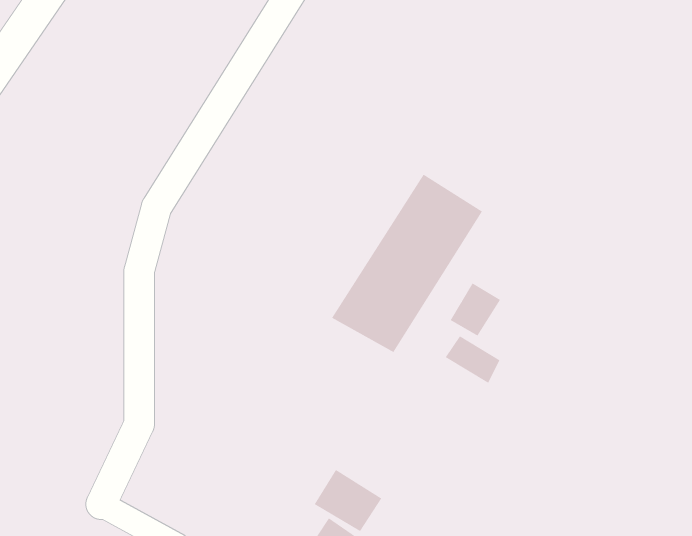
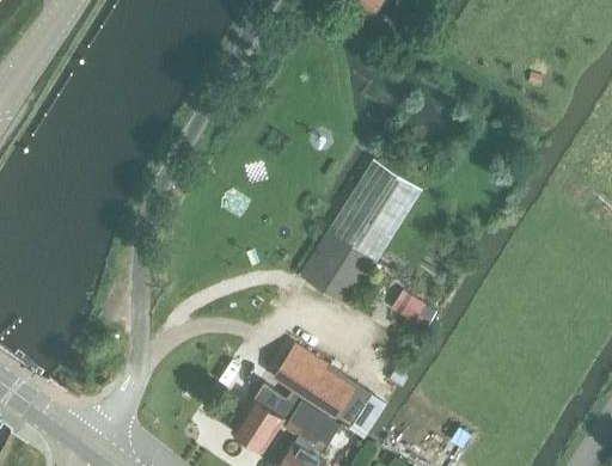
building: [450,282,501,336] -> none
building: none -> [231,344,382,450]

